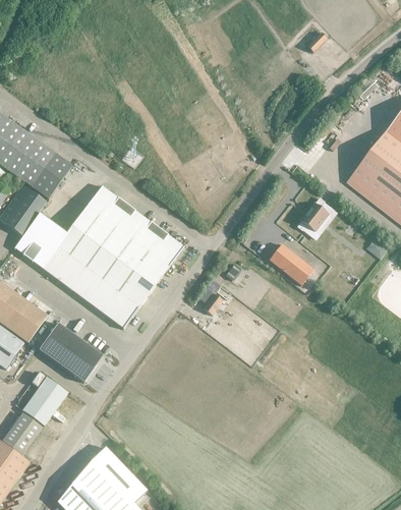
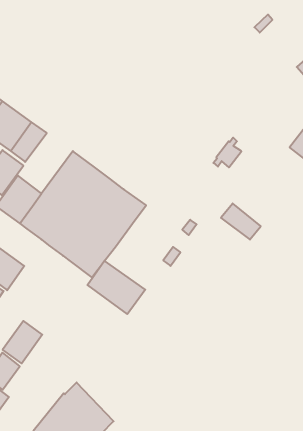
building: [297,197,329,231] -> [213,138,241,167]
building: [39,322,104,382] -> [87,261,145,314]

